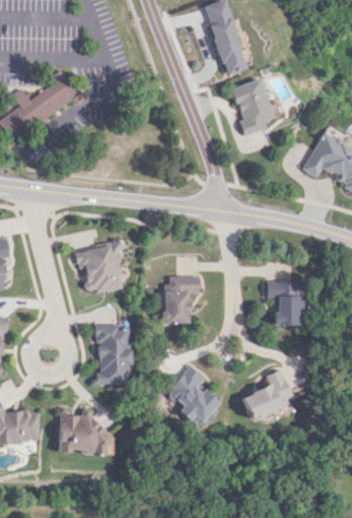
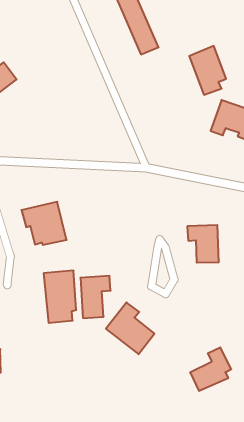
building: [231,78,273,135] -> [189,46,226,95]
building: [165,276,200,324] -> [80,276,111,318]
building: [244,370,293,419] -> [190,347,231,391]
building: [59,412,101,455] -> none

